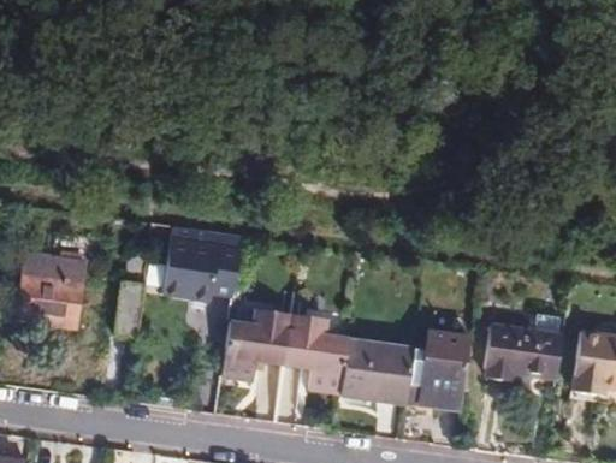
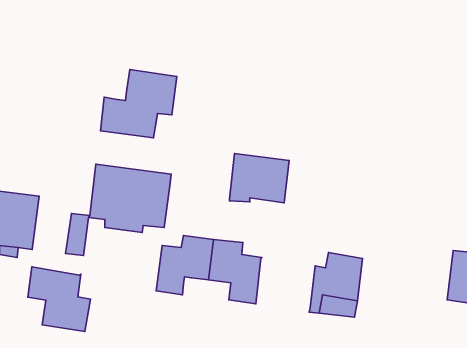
building: none -> [100,70,177,138]
building: [485,326,561,387] -> none
building: [342,337,413,396] -> [230,154,289,203]
building: none -> [28,267,91,331]

